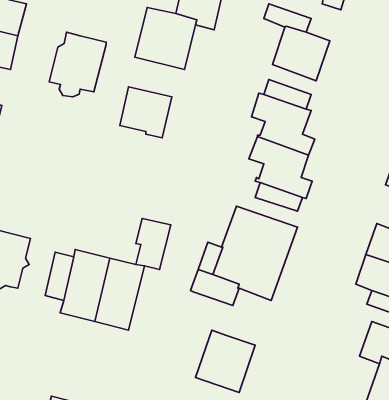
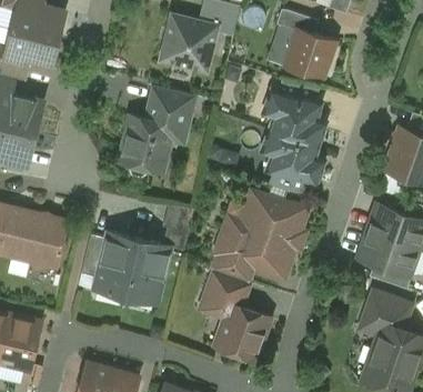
building: [49,32,106,97] -> [120,115,171,173]
building: none -> [201,268,251,309]

